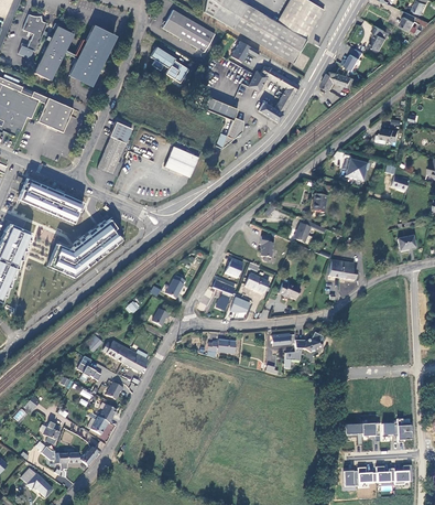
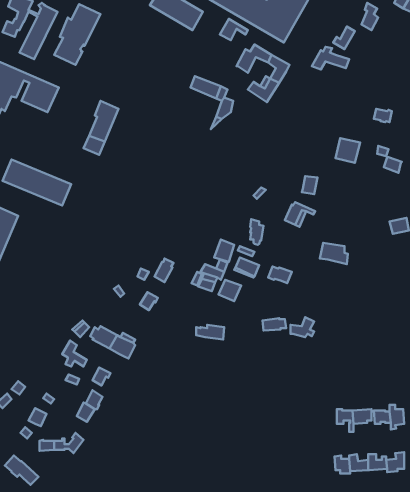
building: [150,46,187,82] -> none
building: [163,146,198,176] -> none
building: [47,222,124,277] -> none

